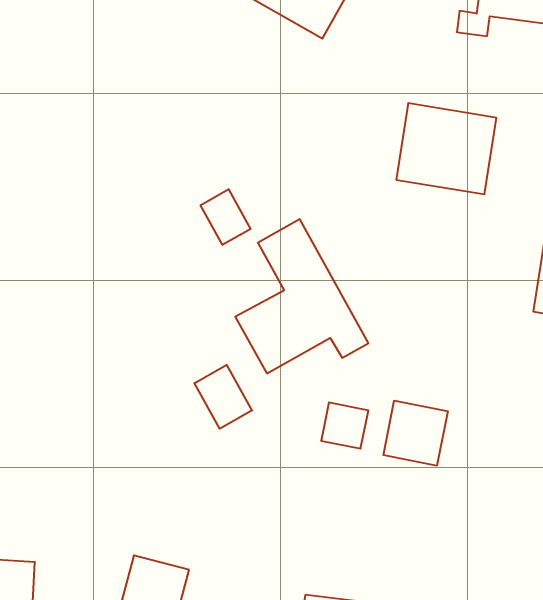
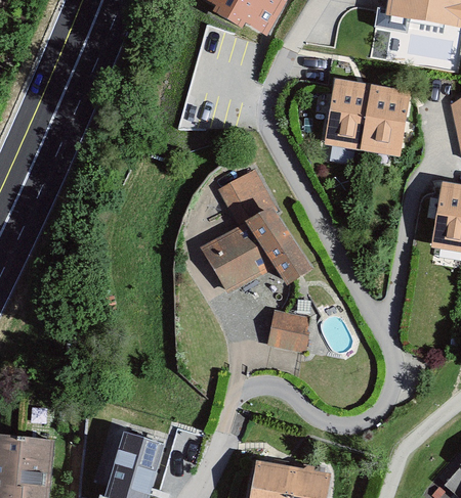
building: [201,189,251,245] -> none
building: [194,365,252,429] -> none
building: [383,401,448,466] -> none

